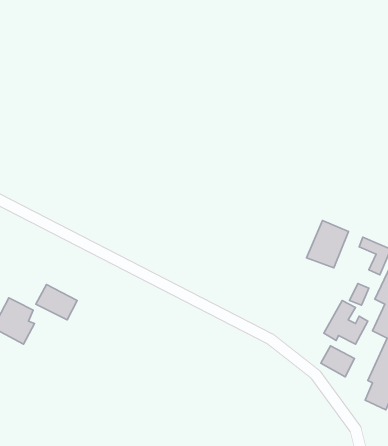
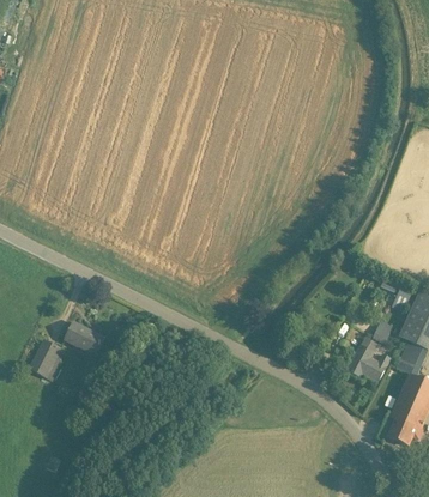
building: [307,220,349,268] -> none
building: [321,346,354,377] -> none

